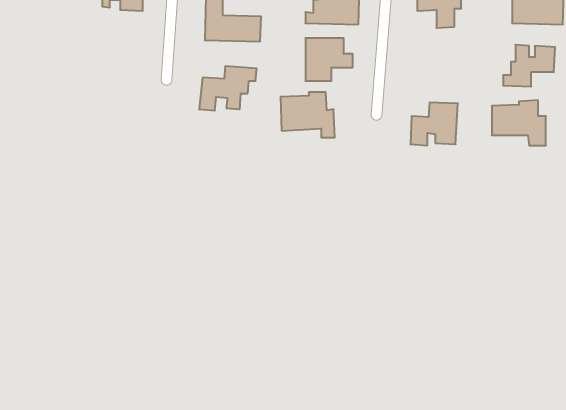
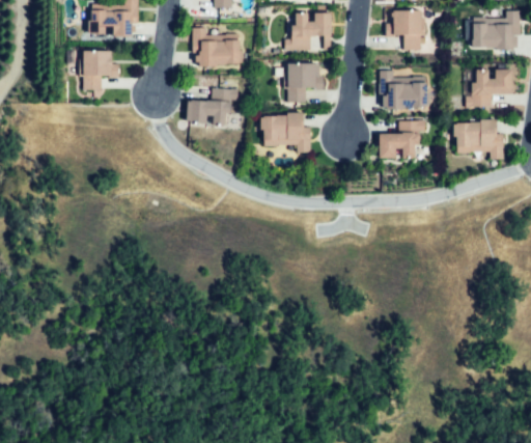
building: none -> [82,50,121,89]
building: none -> [380,71,430,109]

